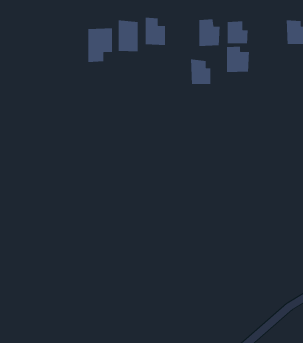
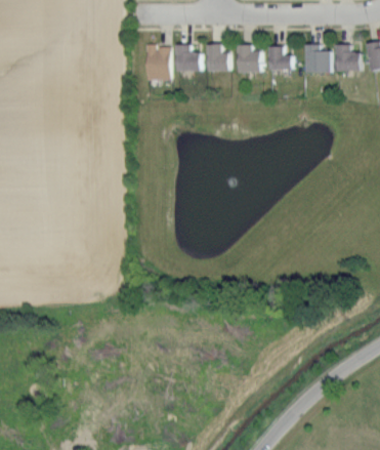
building: [88,27,113,63] -> none
building: [226,46,250,73] -> [305,43,332,74]
building: [190,59,211,85] -> [206,42,229,72]

